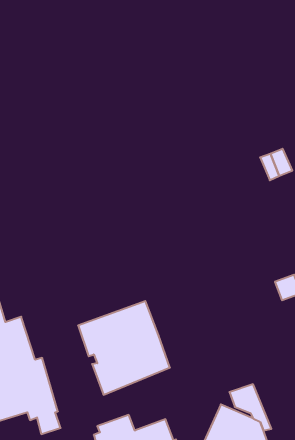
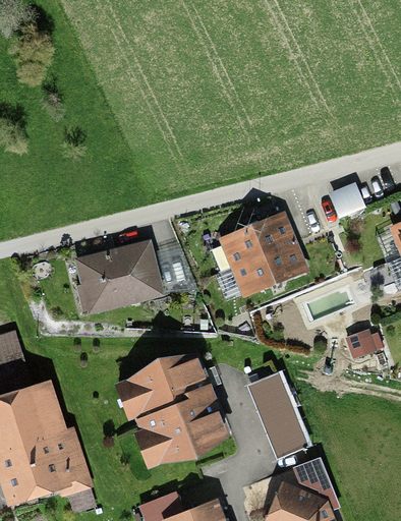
building: none -> [210,216,305,294]
building: none -> [74,238,165,315]
building: none -> [252,373,304,457]

